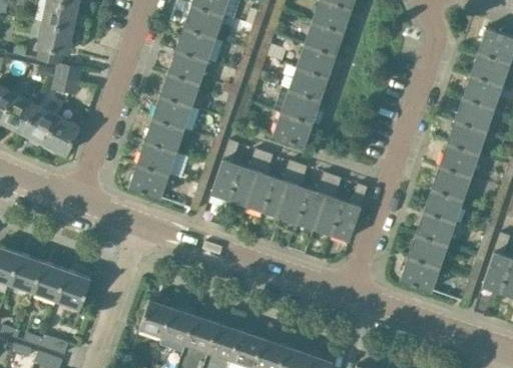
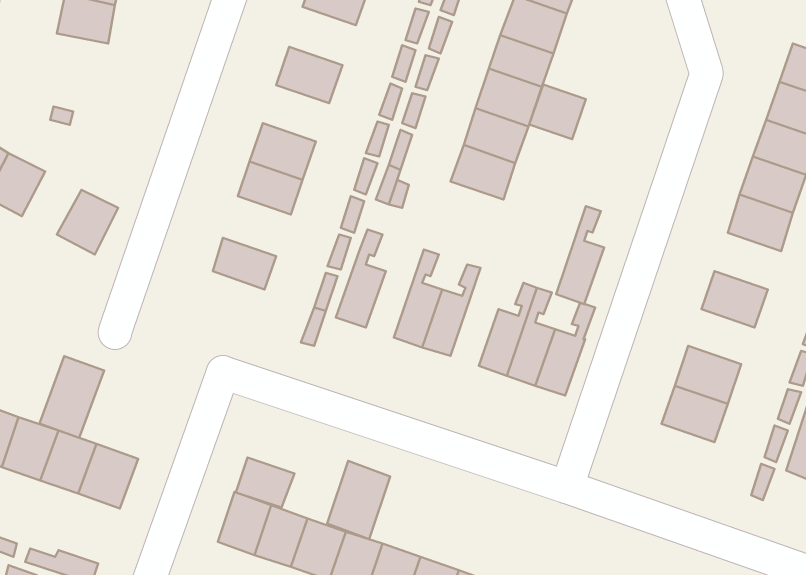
building: [183,7,223,42] -> none
building: [37,23,82,95] -> none
building: none -> [529,85,586,139]
building: [167,54,207,88] -> none
building: [22,106,58,144] -> none
building: [273,112,313,147] -> none
building: [143,121,184,157] -> none
building: [440,143,480,177] -> none
building: [229,150,265,207] -> none
building: [281,164,310,224] -> [556,206,604,304]
building: [129,166,168,200] -> none
building: [424,190,464,223] -> none
building: none -> [40,356,104,438]
building: [400,259,440,292] -> none
building: none -> [236,458,294,507]
building: none -> [327,461,390,539]

